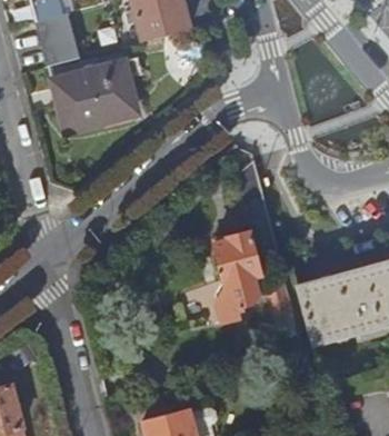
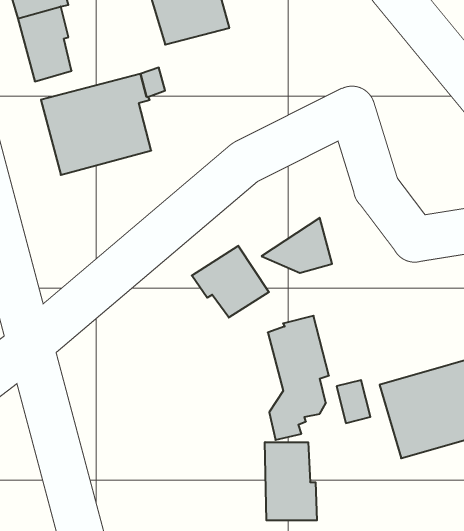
building: none -> [192,246,269,318]
building: none -> [265,442,317,520]

